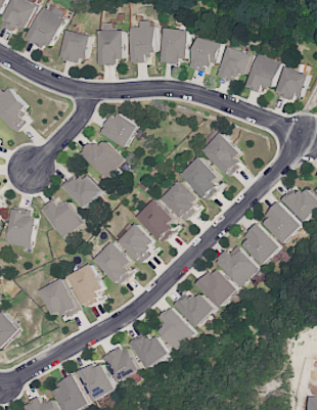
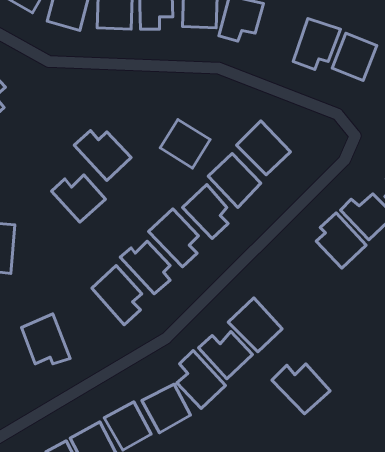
building: [216,46,252,82] -> none
building: [99,110,137,147] -> [160,119,210,168]
building: [40,199,82,237] -> none
building: [241,223,279,265] -> none
building: [214,248,258,286] -> [272,364,330,414]
building: [66,264,101,308] -> none

